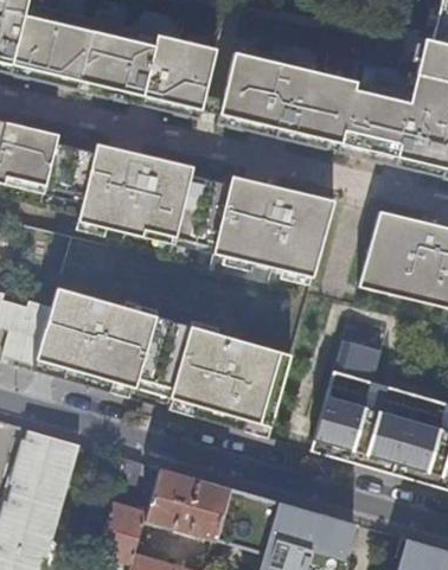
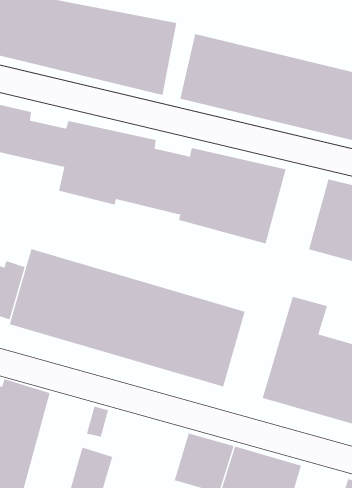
building: [145,467,229,540] -> none

